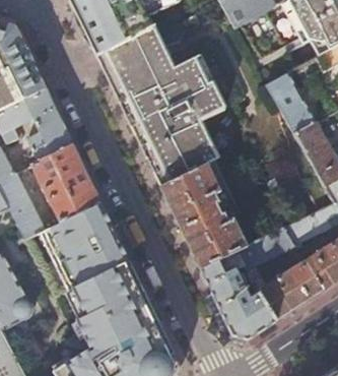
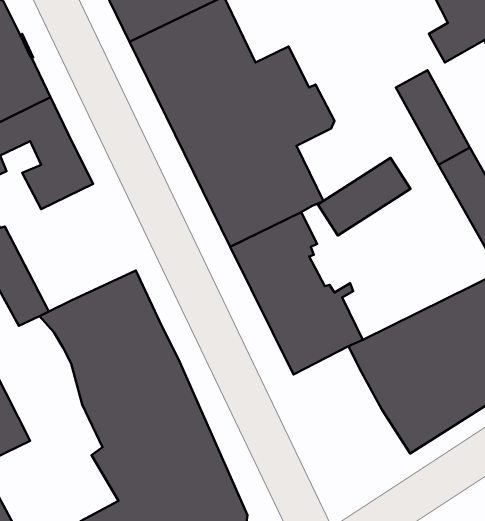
building: none -> [318,158,410,235]
building: [31,145,100,221] -> none
building: [202,250,277,337] -> none

